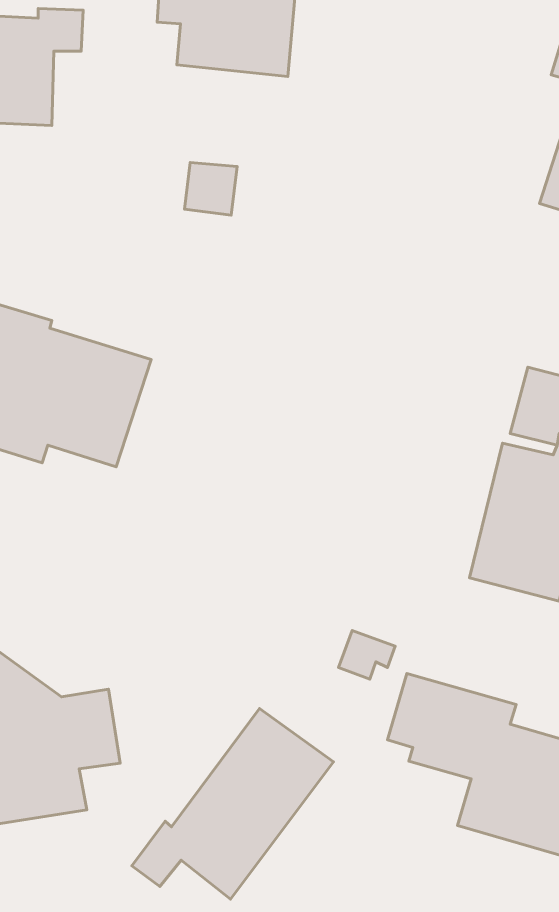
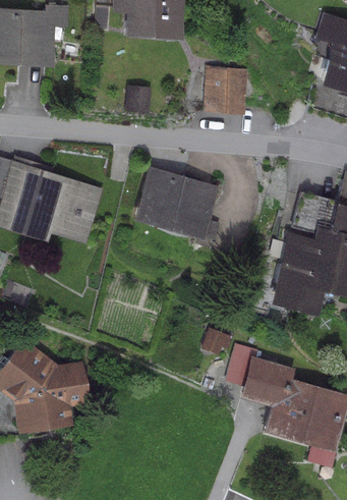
building: none -> [200,66,246,115]
building: none -> [133,165,220,241]
building: [132,708,333,899] -> none

